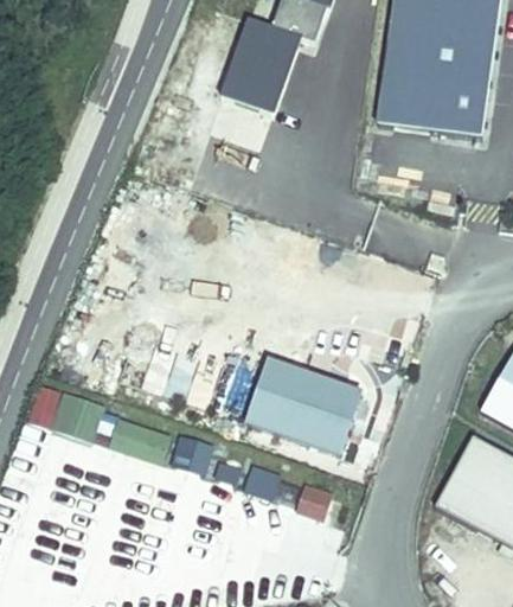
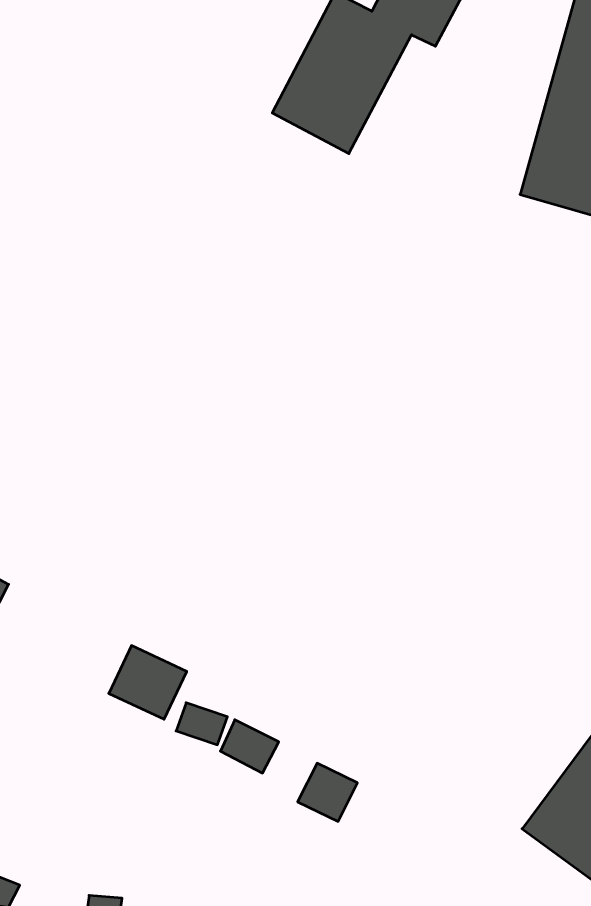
building: [250,362,361,453] -> none

